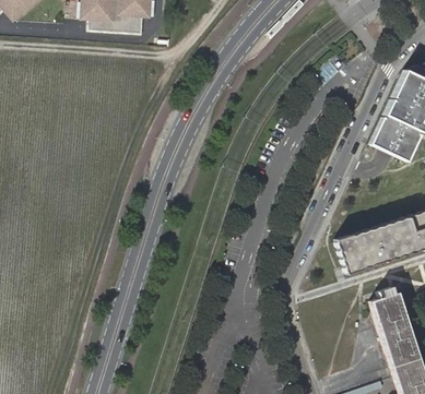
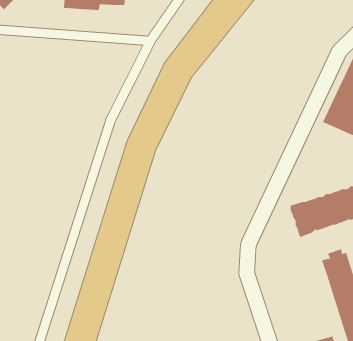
building: [88,14,144,33] -> none

